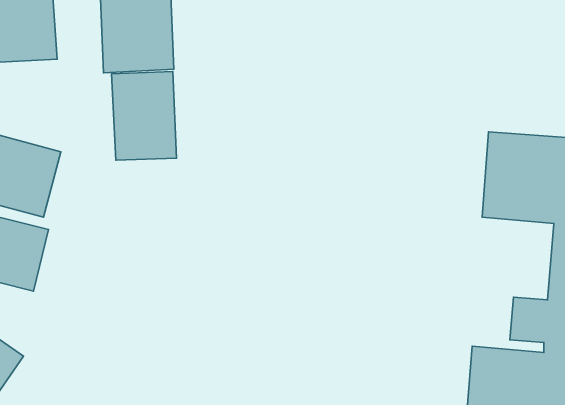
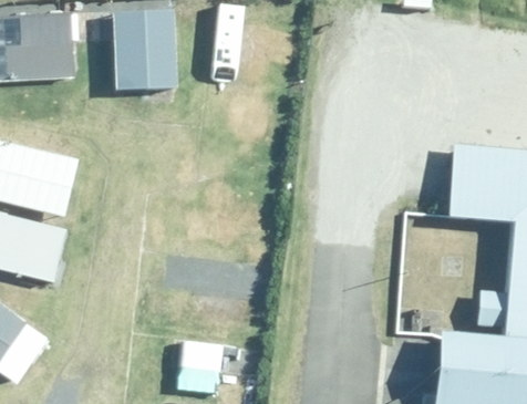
building: [111,72,176,160] -> none

